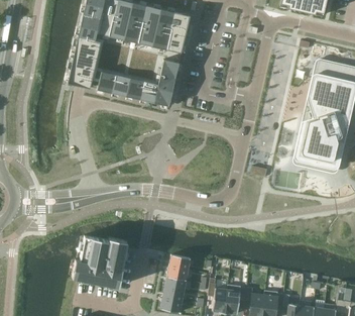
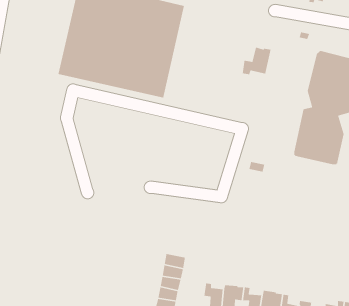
building: none -> [242,47,272,75]
building: [72,236,127,288] -> none

